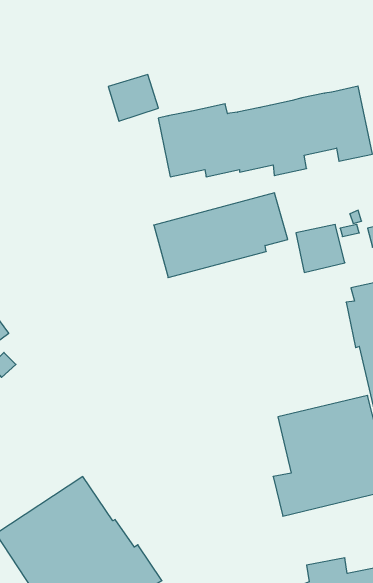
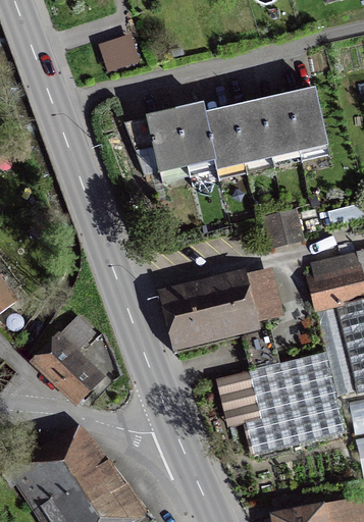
building: [108,75,158,121] -> [98,34,141,73]
building: [154,193,288,278] -> [162,271,276,344]
building: none -> [28,315,106,409]
building: none -> [216,372,259,427]

